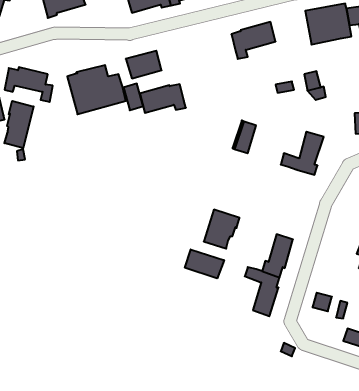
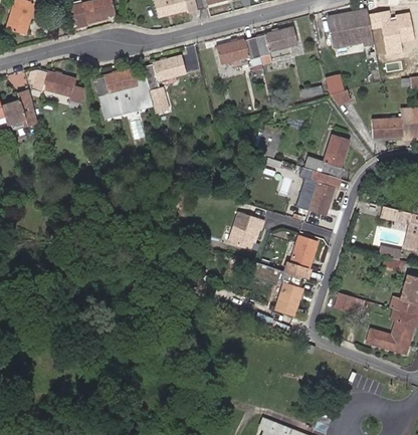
building: [140,84,186,113] -> [217,40,262,68]
building: [4,101,34,148] -> none
building: none -> [297,170,338,214]
building: [185,249,224,278] -> none

